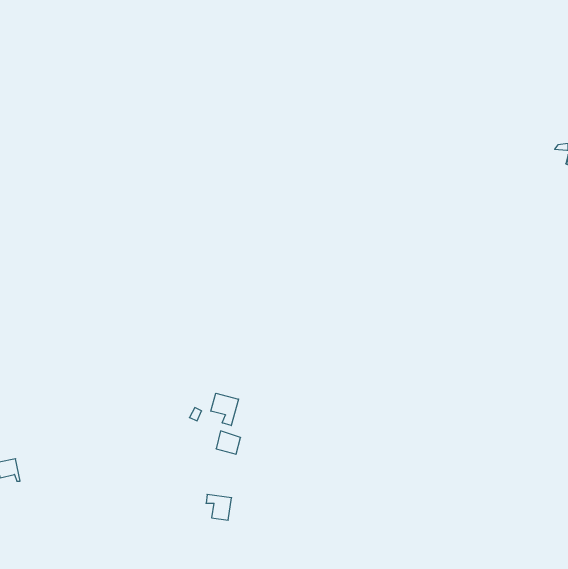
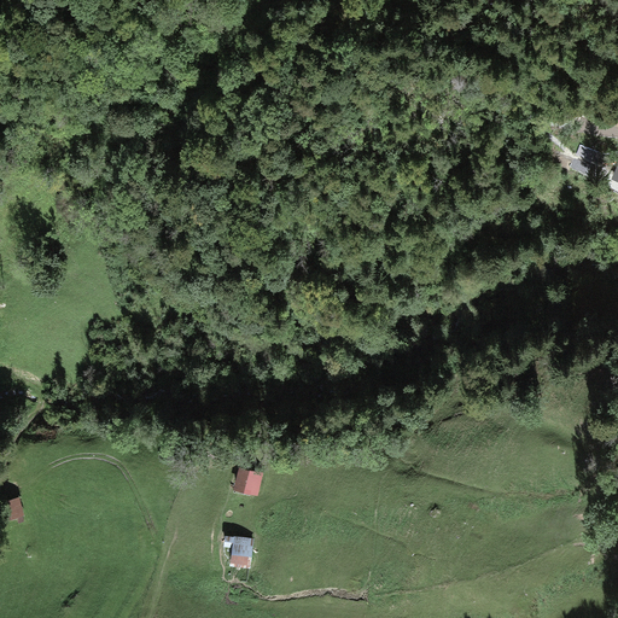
building: [211,393,239,426] -> none

